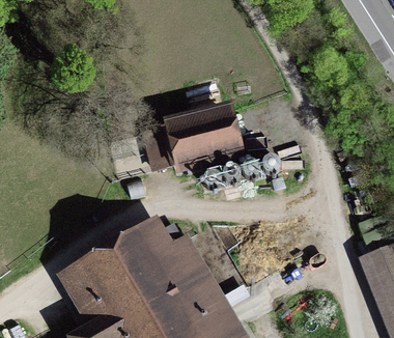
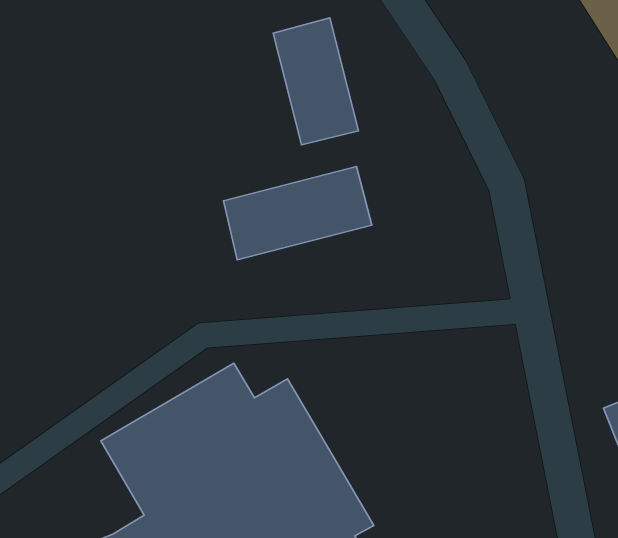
building: none -> [273,18,359,145]

